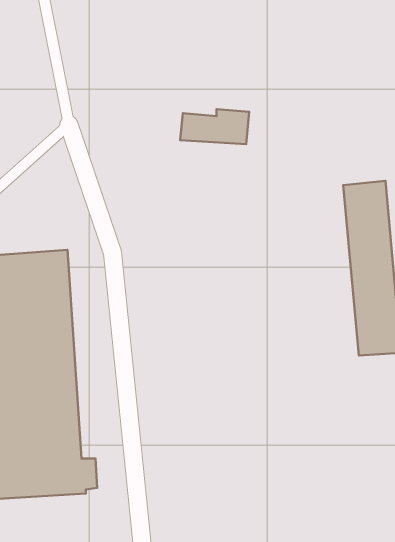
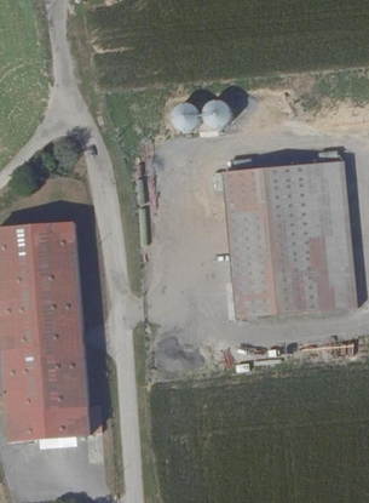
building: none -> [224,165,322,320]

